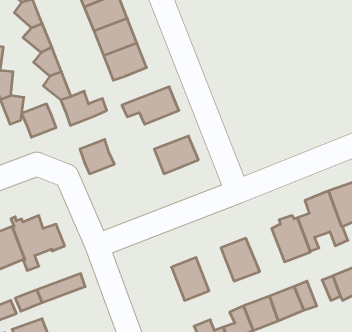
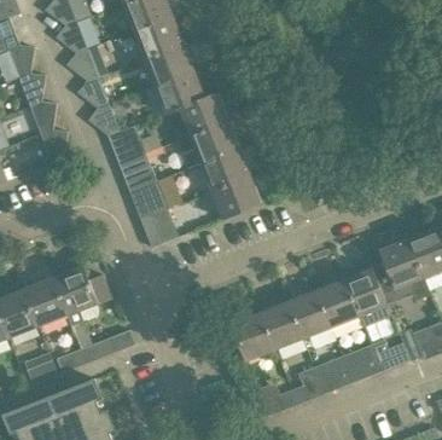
building: none -> [173,93,229,140]
building: [22,104,56,137] -> [118,152,157,190]
building: none -> [202,146,251,190]
building: none -> [140,207,180,247]
building: none -> [315,279,359,328]
building: none -> [260,301,302,349]

